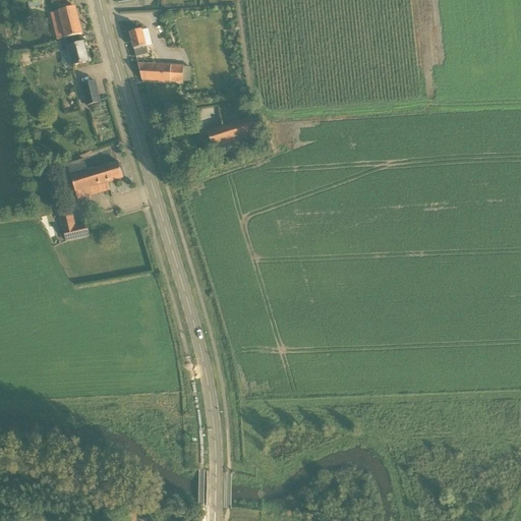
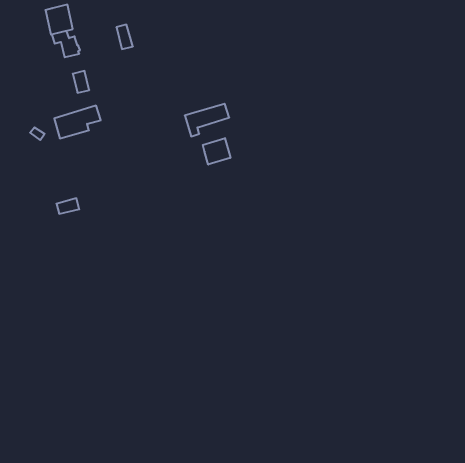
building: [137,62,183,81] -> none
building: none -> [203,138,230,165]
building: [71,160,123,196] -> [54,106,101,138]

